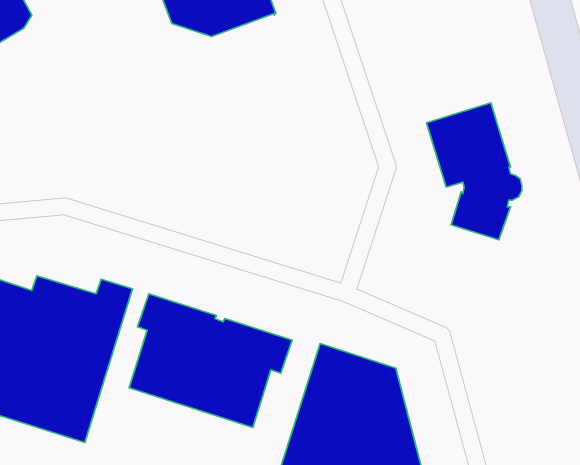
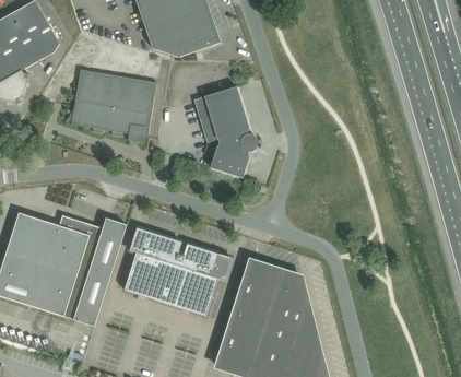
building: none -> [66,69,156,142]
building: [426,103,522,240] -> [193,86,257,177]

